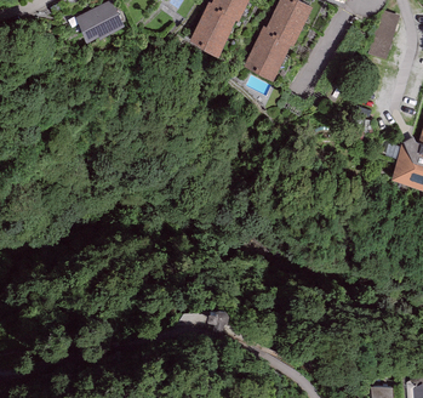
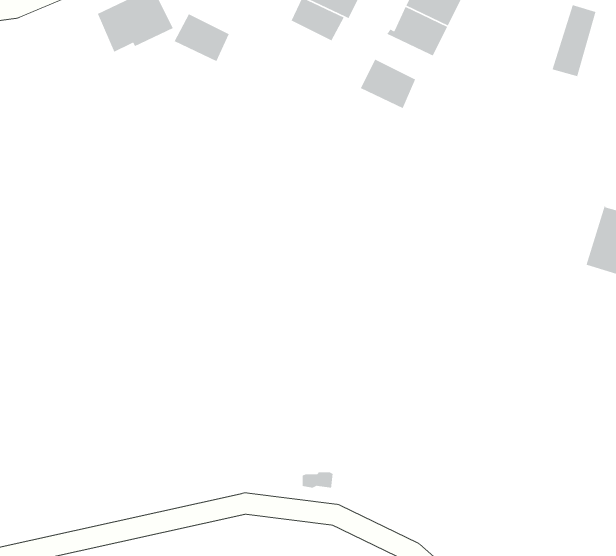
building: [190,24,227,56] -> [174,13,230,62]
building: [255,33,290,62] -> none

